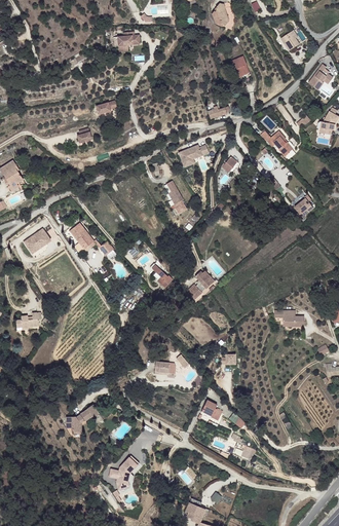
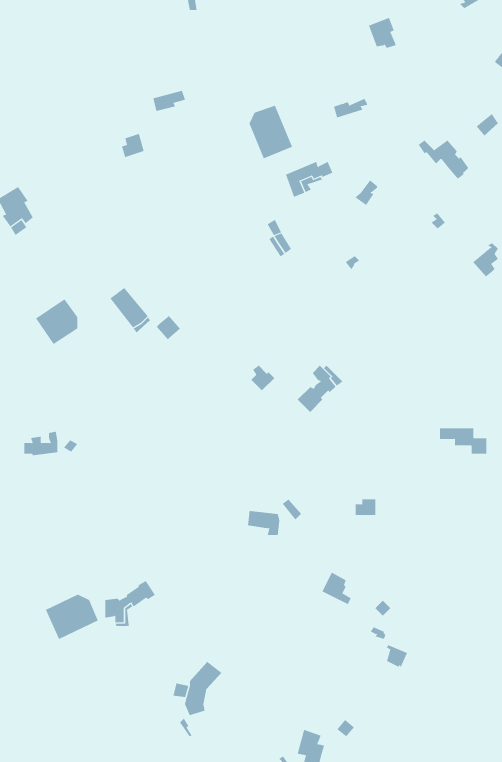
building: none -> [249,105,293,159]
building: none -> [45,594,98,640]

